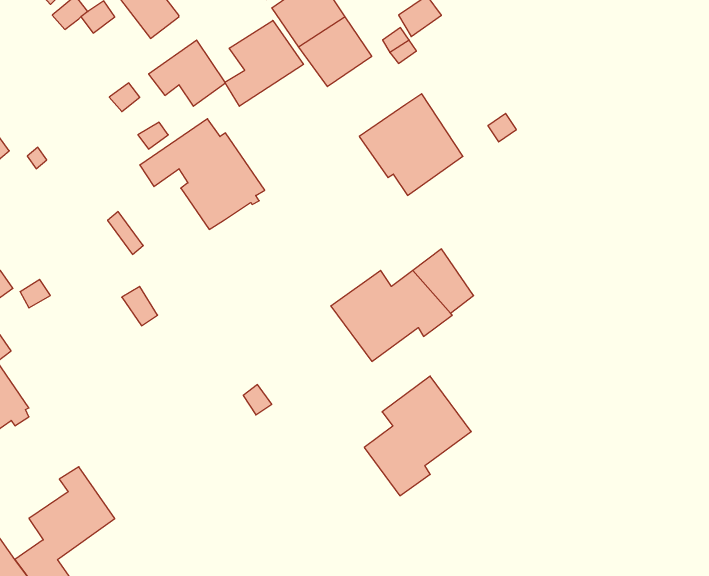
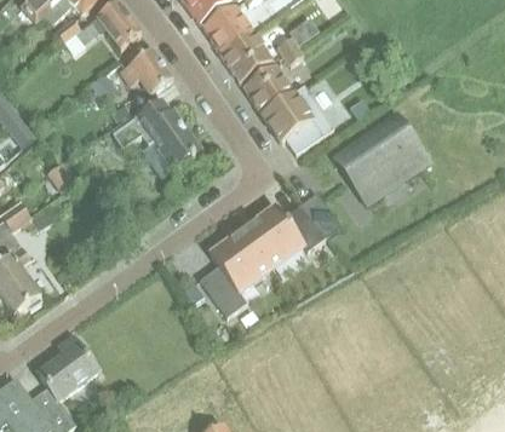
building: [225,20,303,106] -> none
building: none -> [243,65,293,114]
building: none -> [333,113,430,205]
building: [364,376,471,496] -> [197,229,270,310]

